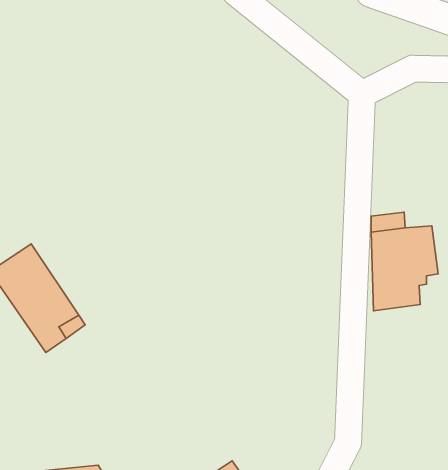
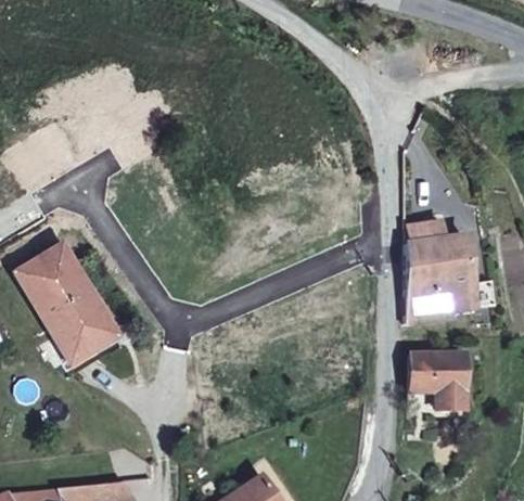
building: none -> [414,354,467,410]

